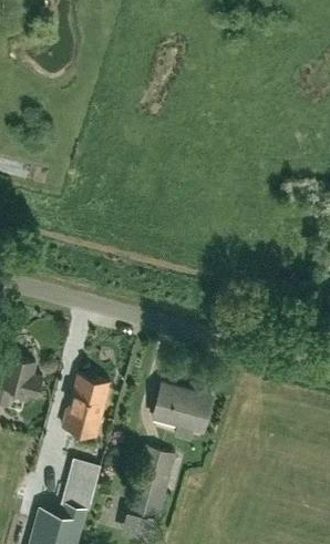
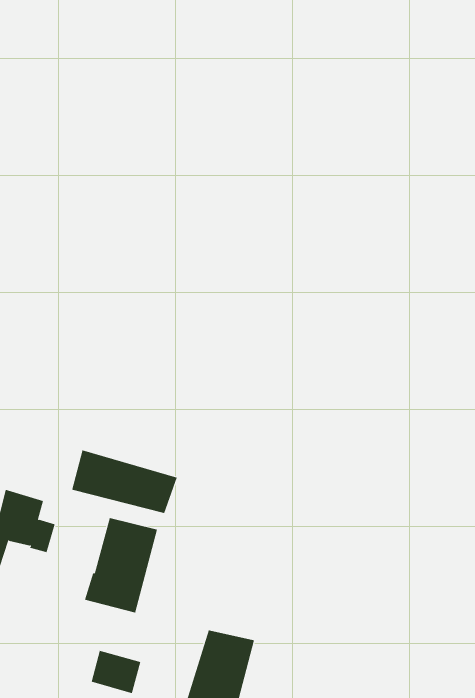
building: none -> [72,449,178,514]
building: [153,381,212,434] -> none

